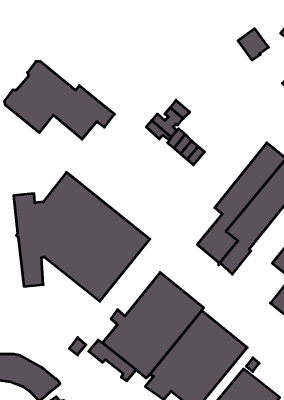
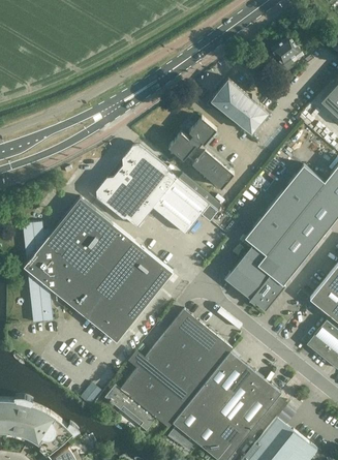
building: [4,61,115,139] -> [98,148,221,235]
building: none -> [211,80,269,134]

